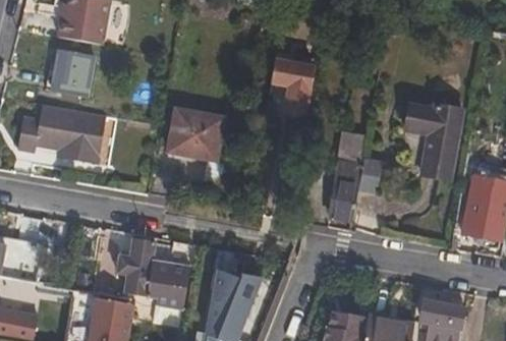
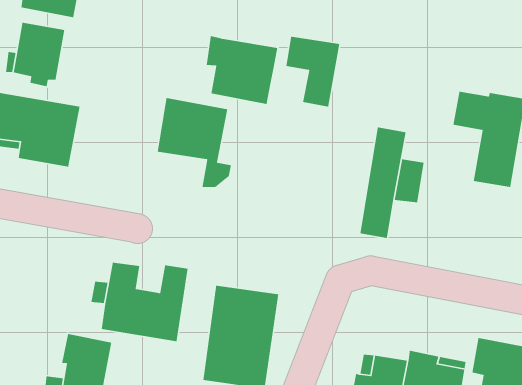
building: none -> [206,35,278,105]

